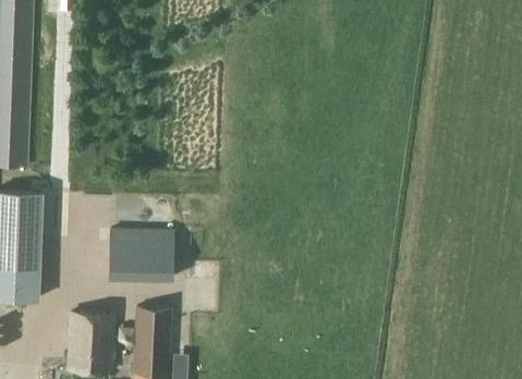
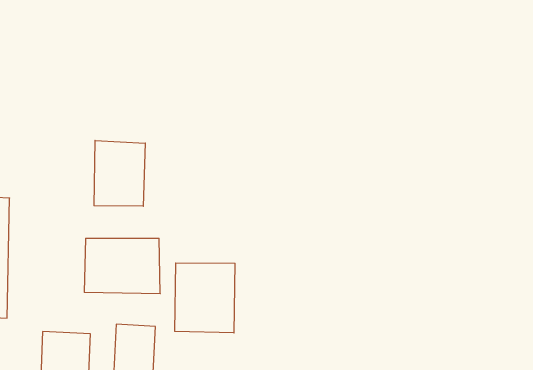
building: none -> [94,140,145,206]
building: none -> [175,263,235,333]

